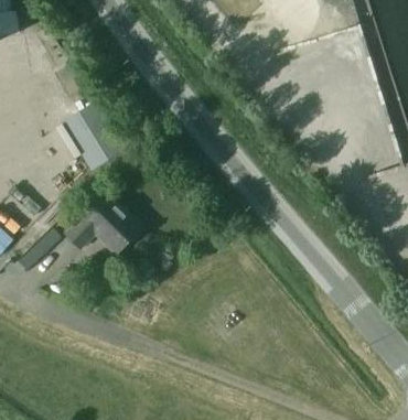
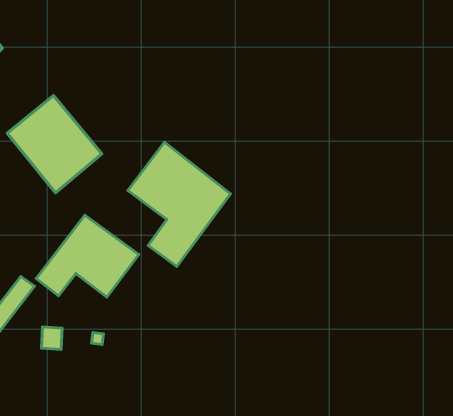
building: none -> [128,142,231,266]

